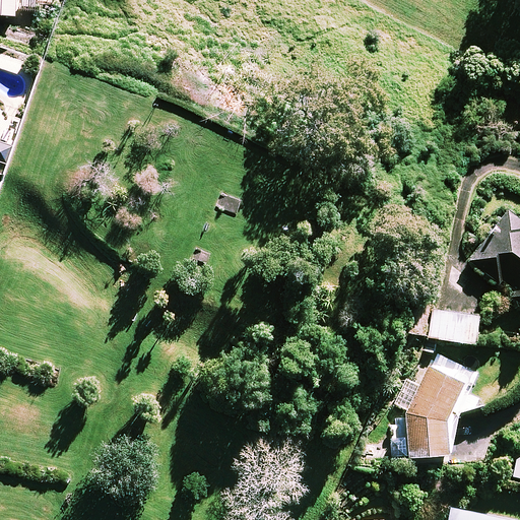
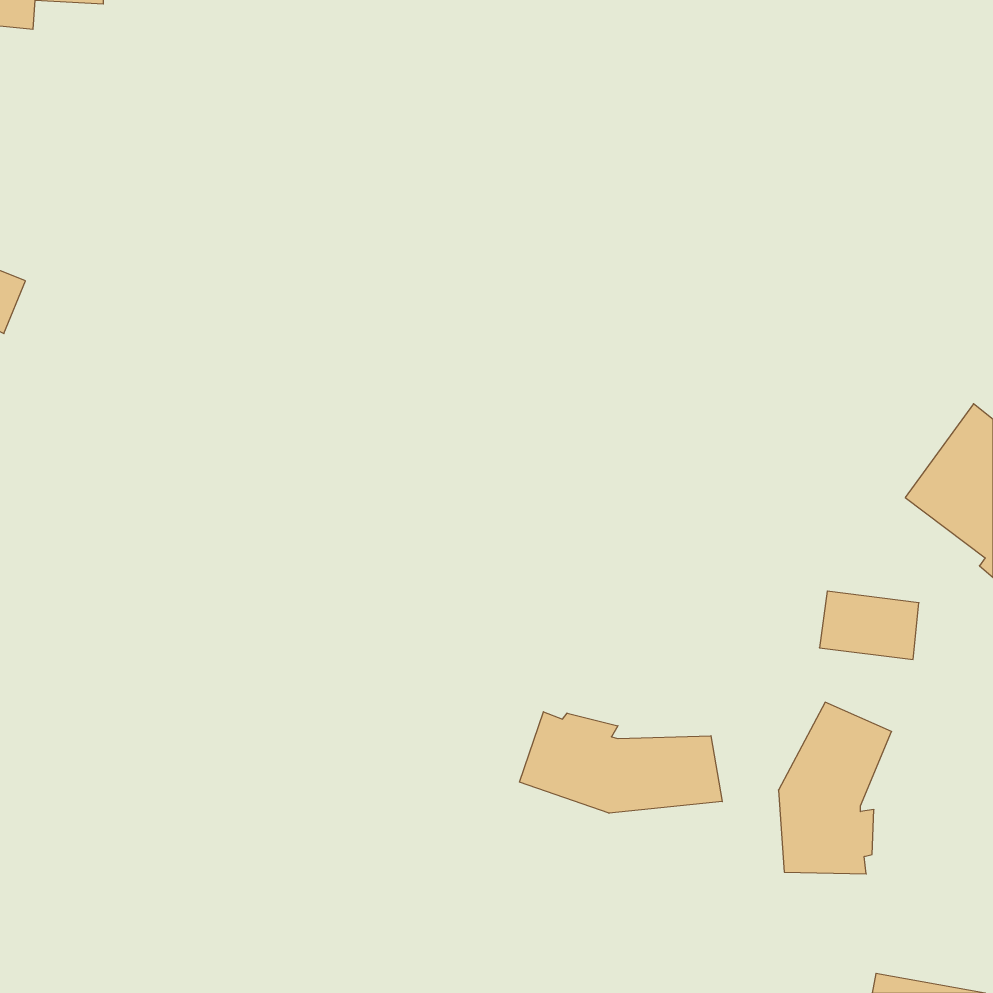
building: none -> [519,712,722,813]

